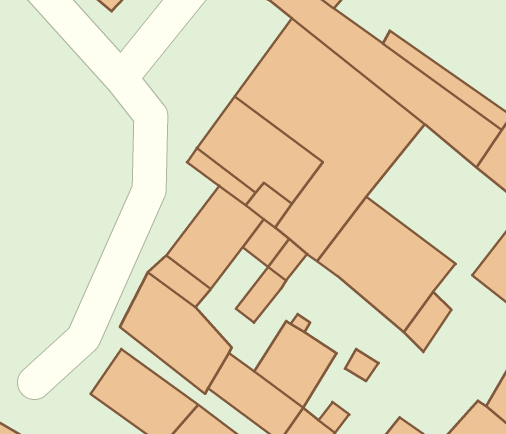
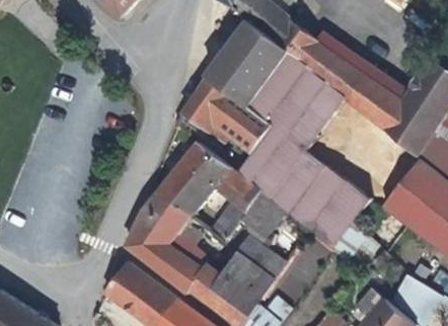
building: none -> [242,191,284,234]

